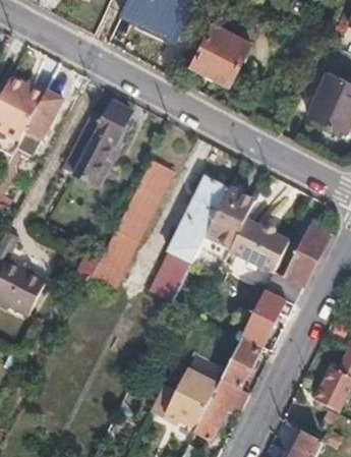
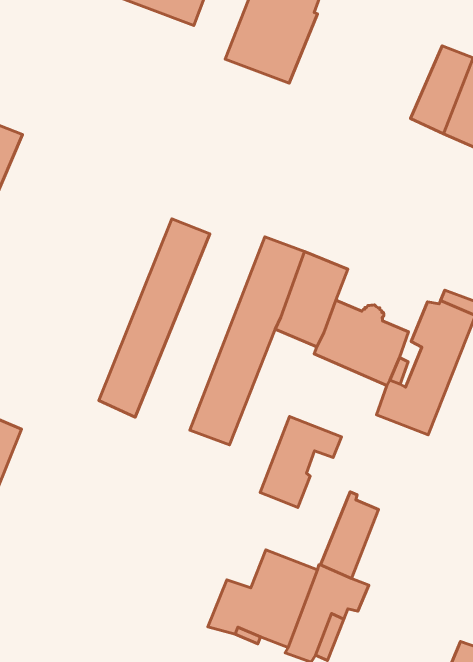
building: [62,102,130,185] -> none
building: [241,290,294,346] -> [260,417,341,507]

